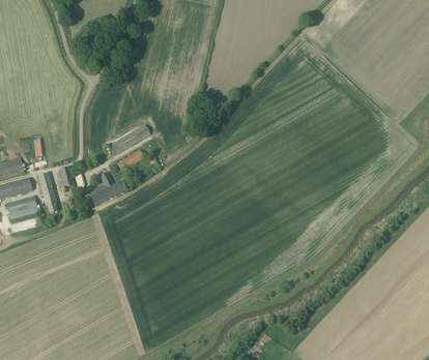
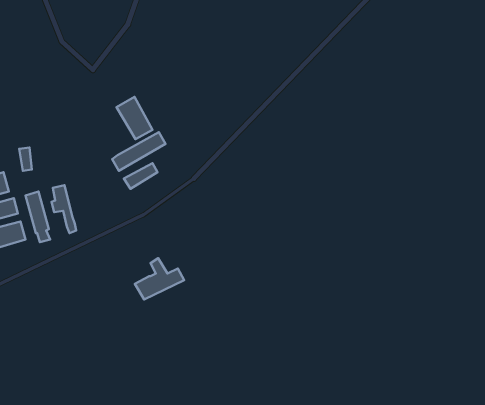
building: none -> [117,97,153,139]
building: [88,172,127,205] -> [135,258,184,299]

